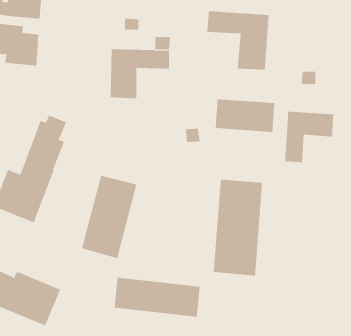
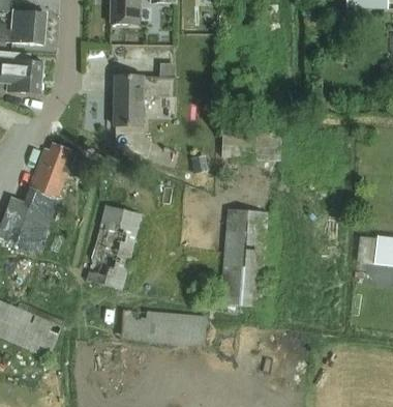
building: [207,10,269,71] -> none
building: [284,111,334,163] -> none

